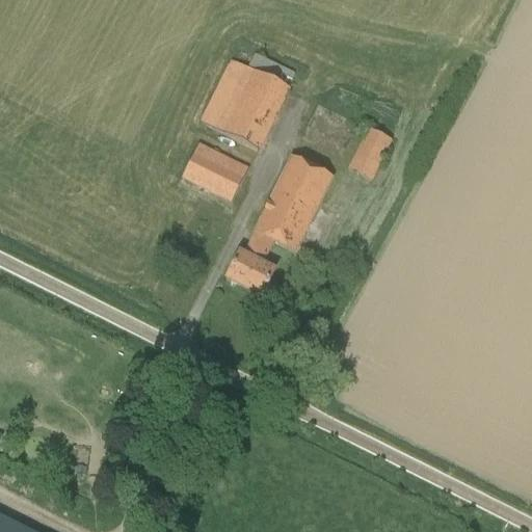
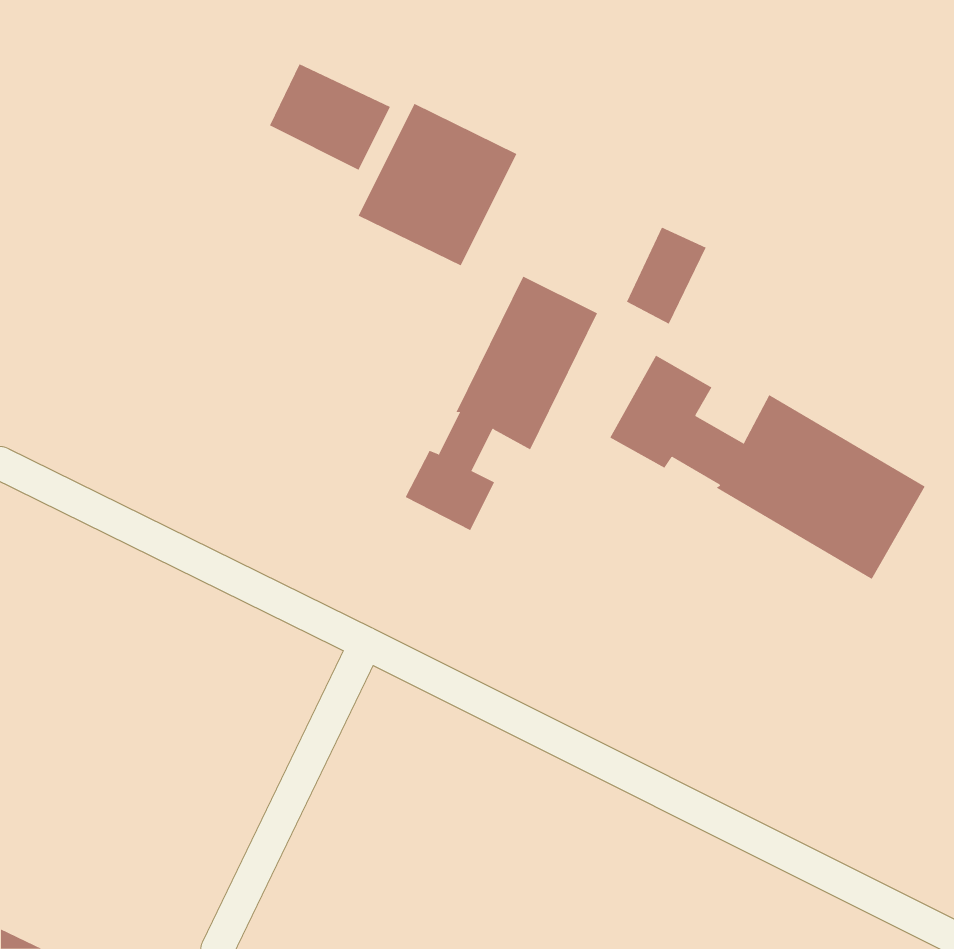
building: [183,140,250,200] -> [269,64,391,170]
building: none -> [610,355,926,580]

